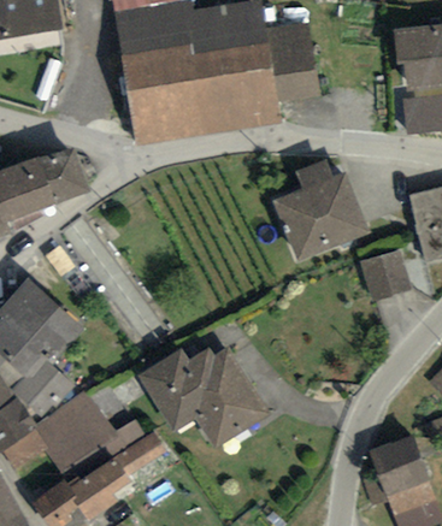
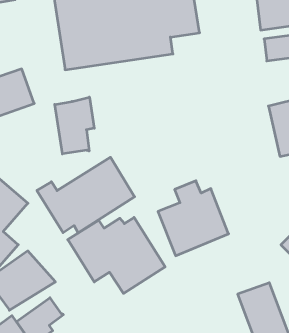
building: [273,158,370,260] -> [158,181,229,256]
building: none -> [55,97,94,154]
building: [359,250,413,303] -> none
building: none -> [37,157,135,233]
building: [113,431,166,477] -> none

